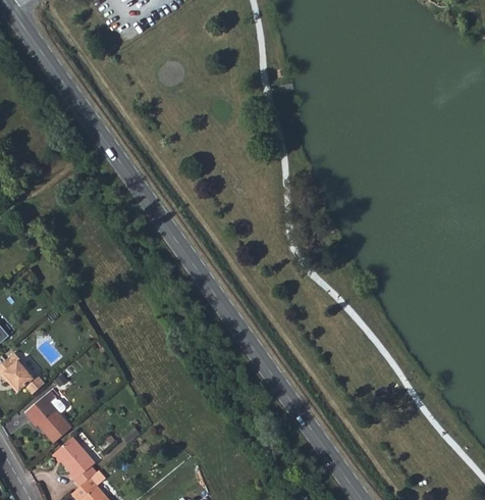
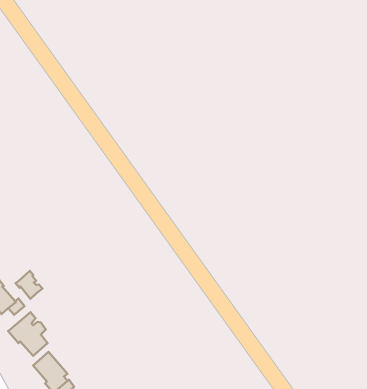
building: none -> [15,271,42,299]

